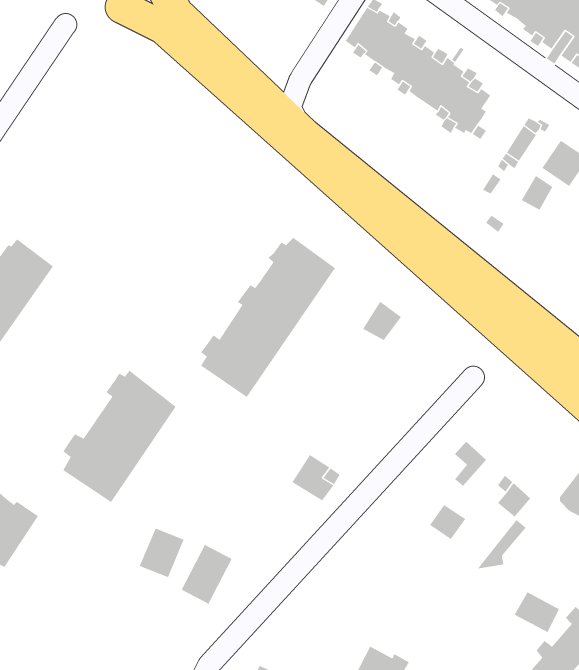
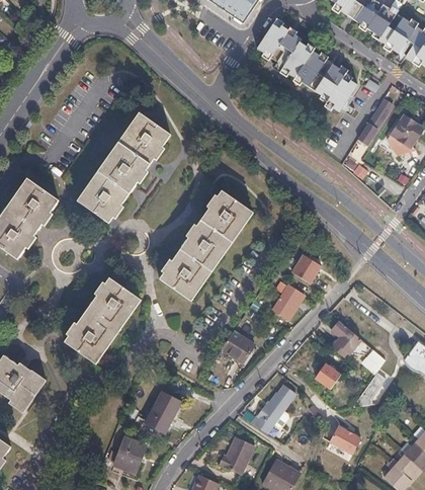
building: none -> [78,105,169,214]
building: [362,301,402,341] -> [292,258,320,285]
building: none -> [272,287,305,319]
building: [139,528,185,578] -> [113,437,145,472]
building: none -> [251,386,295,434]
building: [514,591,560,633] -> [329,426,360,455]
building: none -> [220,437,255,475]

